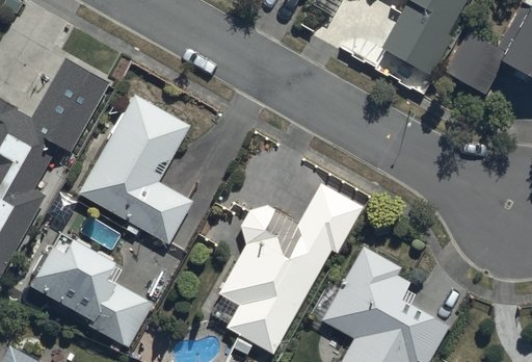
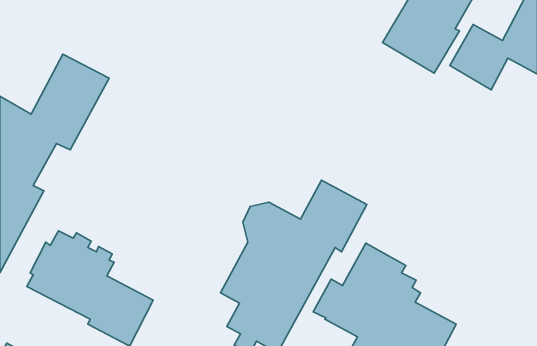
building: [77,95,192,244] -> none

